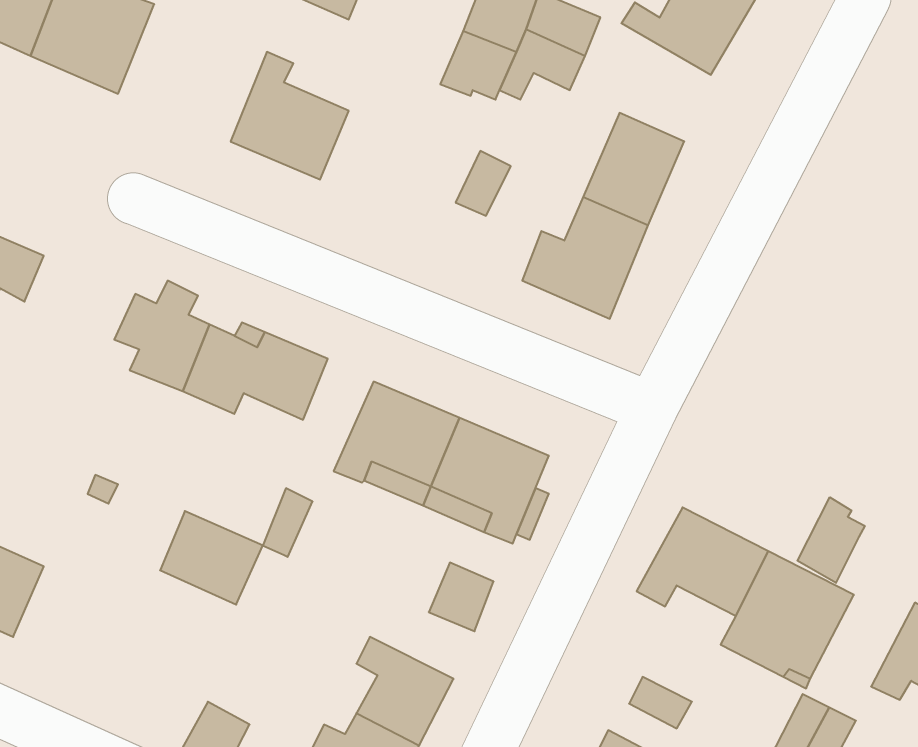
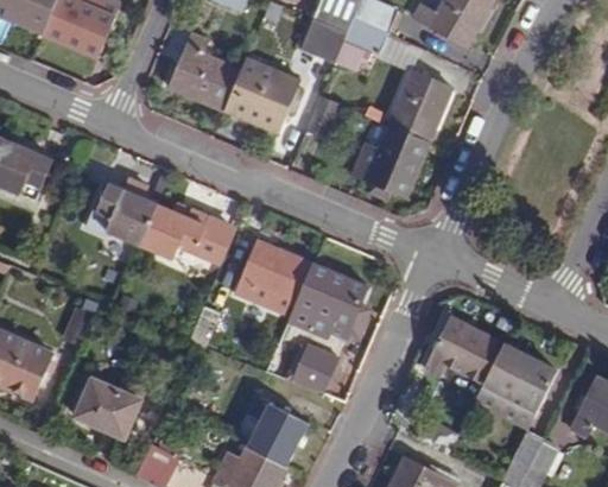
building: none -> [224,57,302,137]
building: [797,497,865,583] -> none
building: [160,511,263,605] -> [76,379,140,437]

